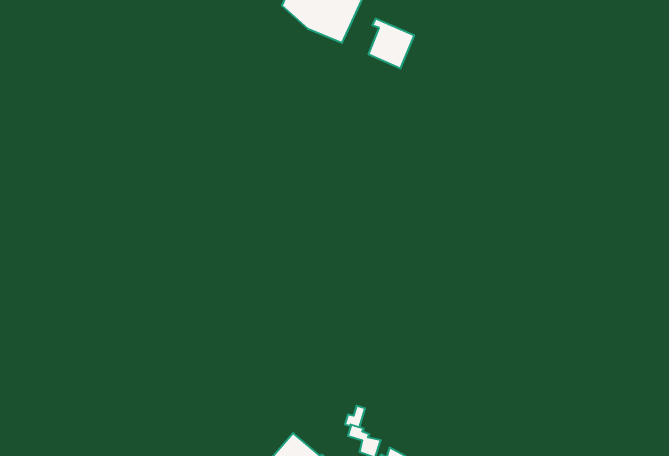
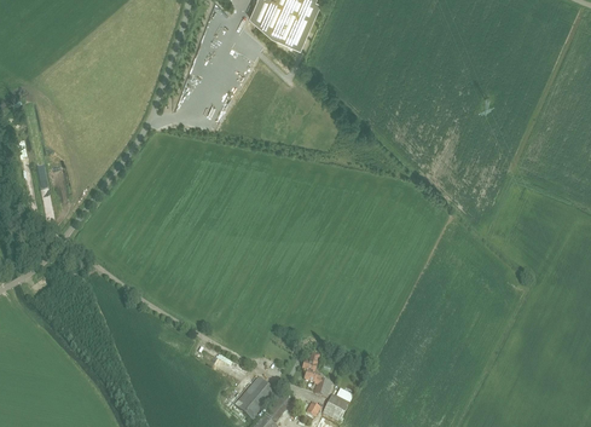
building: [369,19,414,69] -> none

